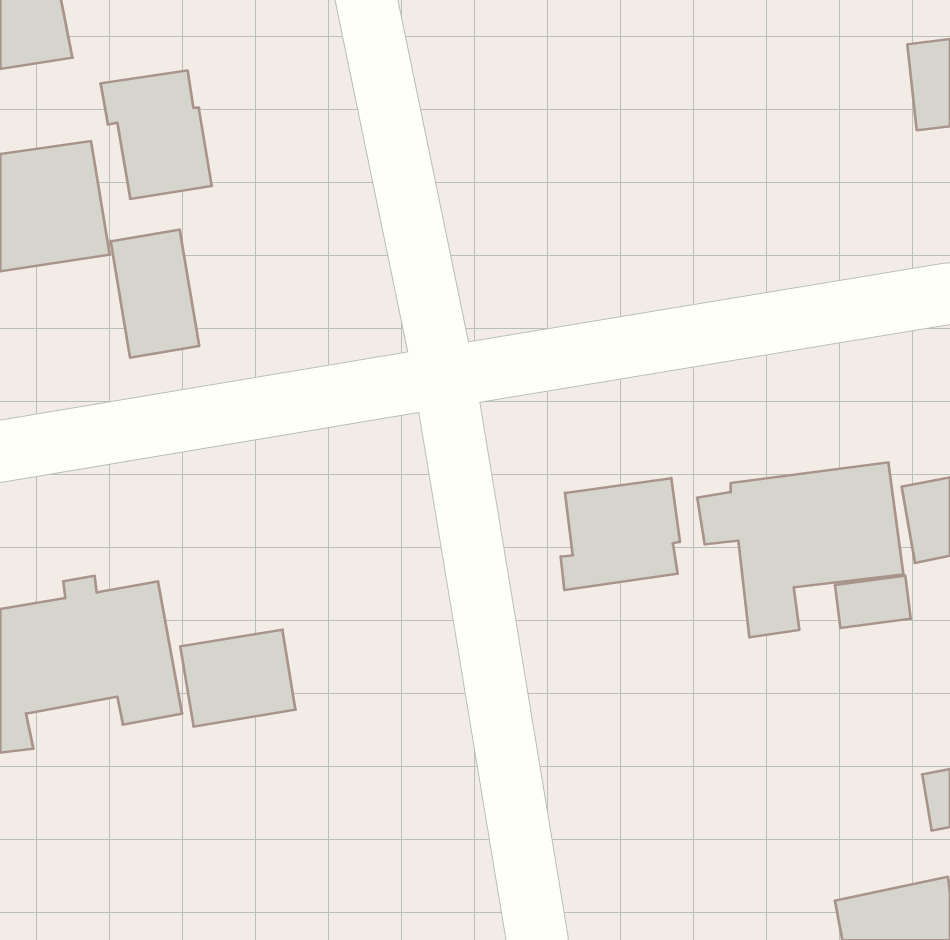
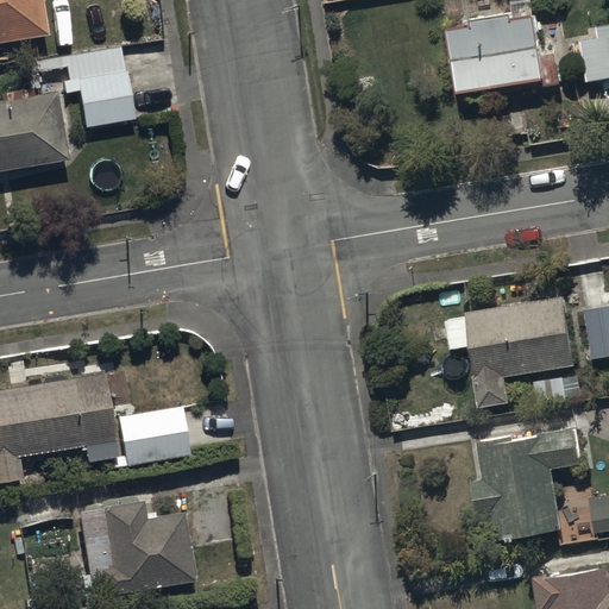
building: none -> [448,12,561,94]
building: [111,230,199,358] -> none
building: [561,478,680,590] -> none
building: none -> [472,423,584,544]
building: none -> [81,501,195,597]

